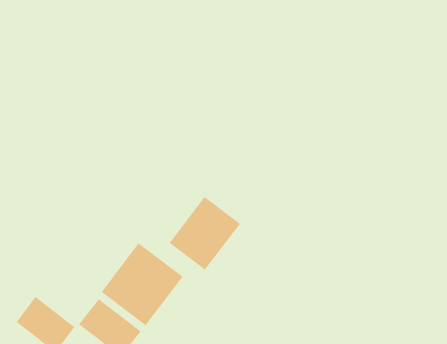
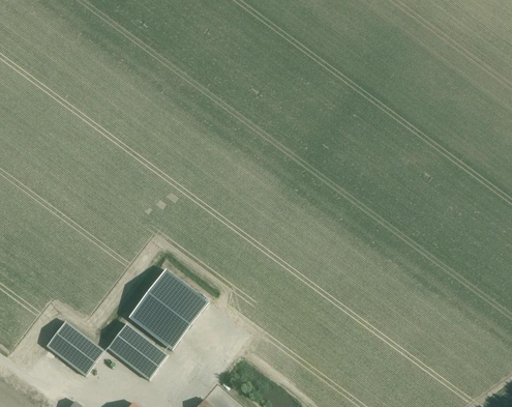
building: [169,196,241,271] -> none

